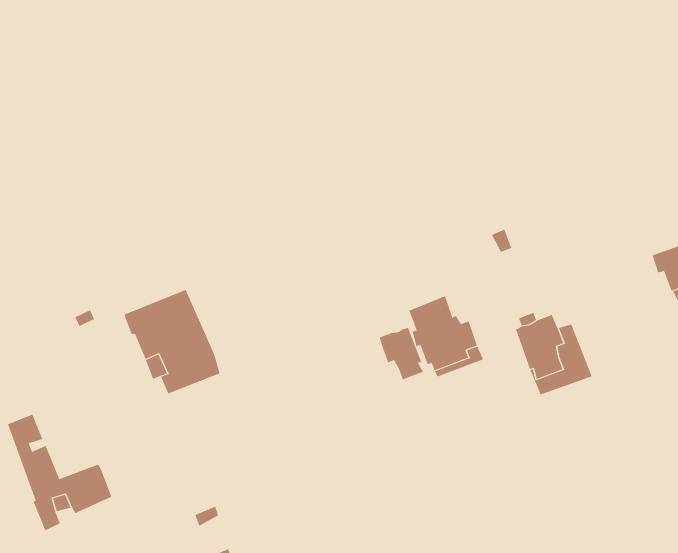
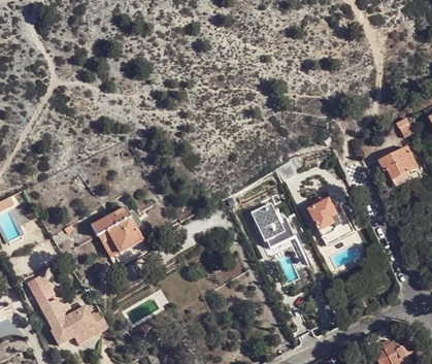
building: [379,327,424,380] -> none
building: none -> [75,312,109,344]

